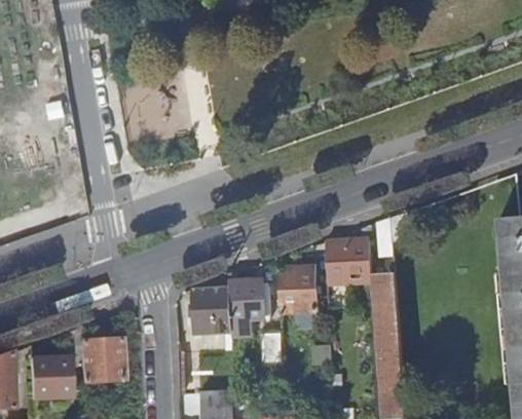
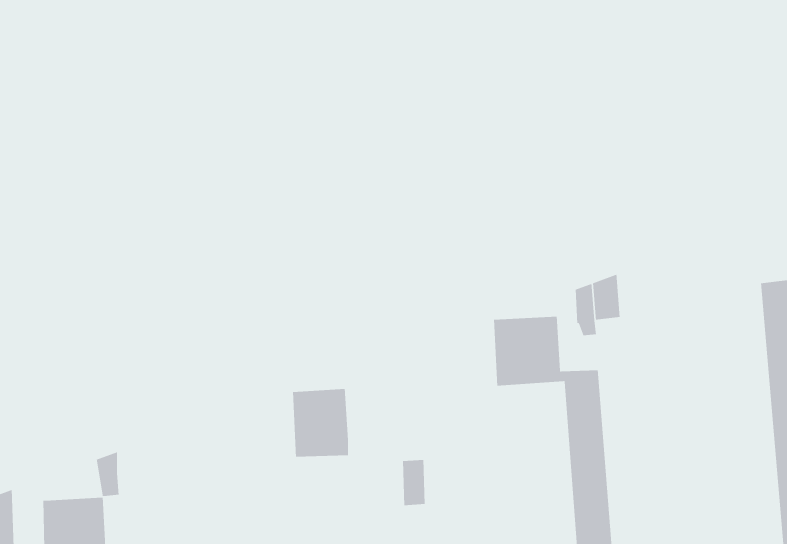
building: [276,266,320,311] -> none
building: [228,278,269,336] -> none
building: [79,339,122,382] -> none

